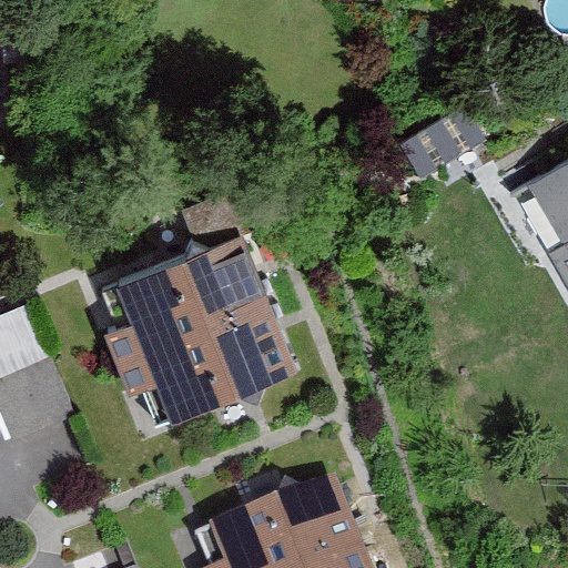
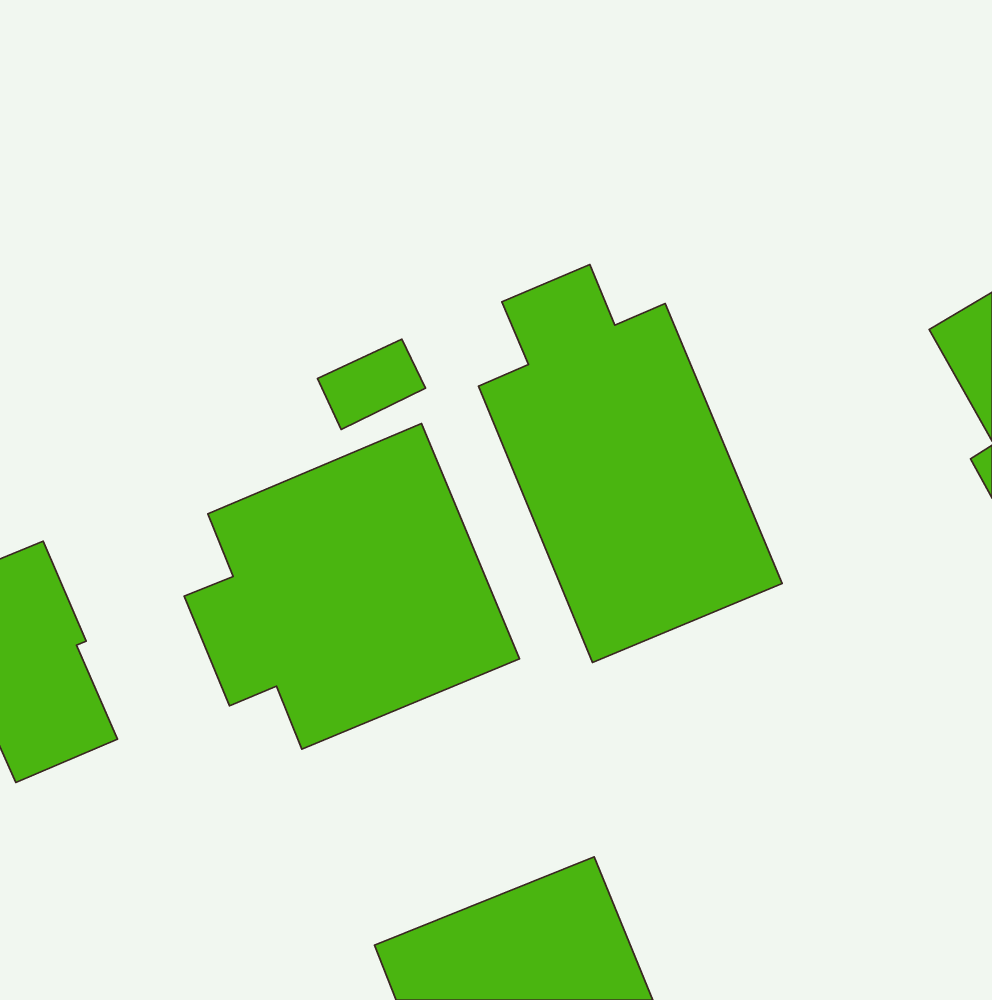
building: none -> [478,264,782,663]

